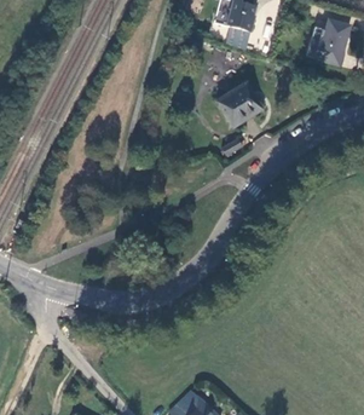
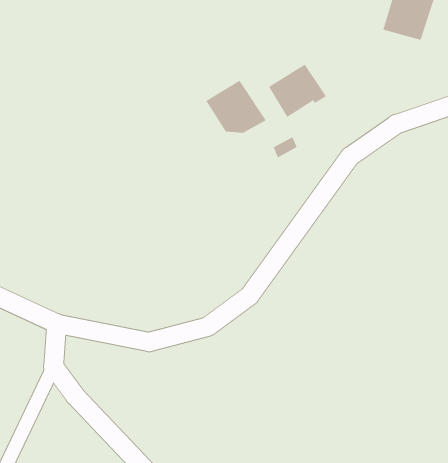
building: none -> [206,80,267,133]

